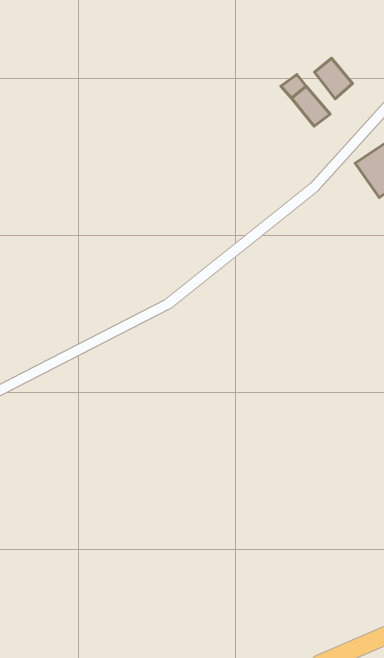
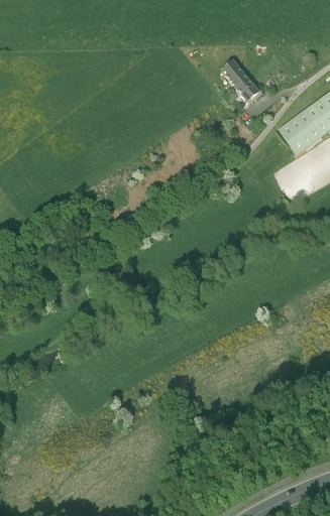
building: [314,58,353,99] -> none

